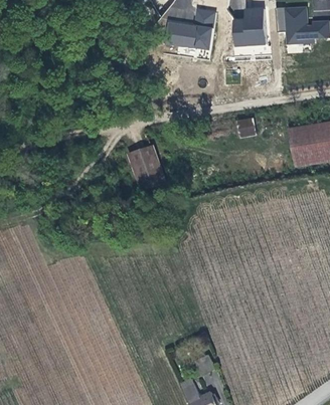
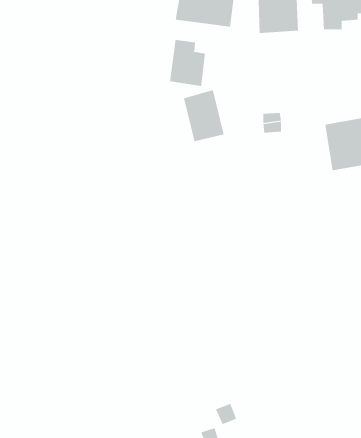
building: none -> [169,39,205,87]
building: [129,144,163,187] -> [183,90,224,142]

